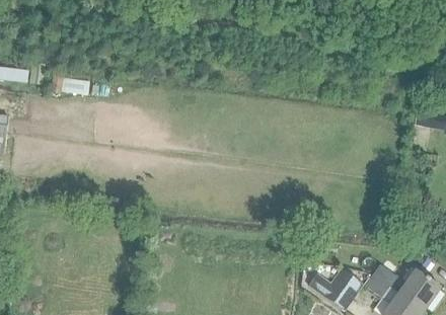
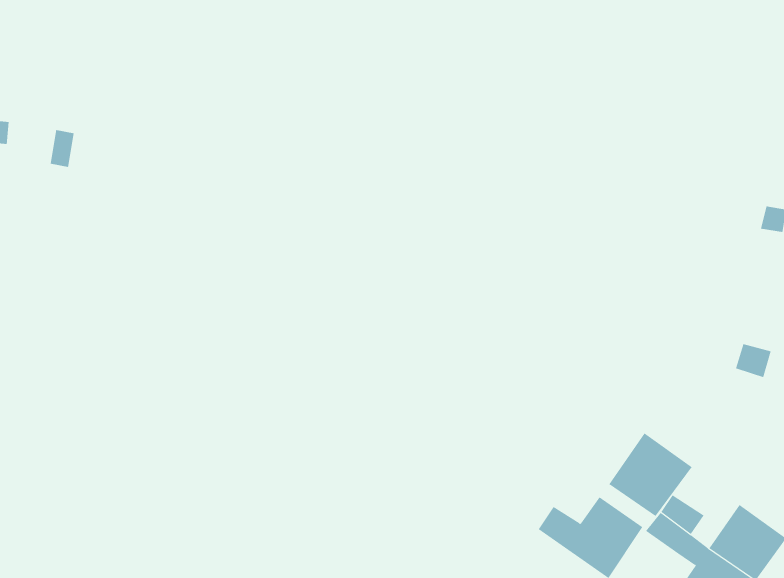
building: none -> [608,433,692,517]

